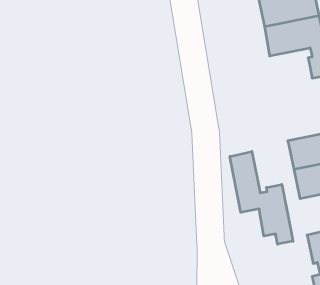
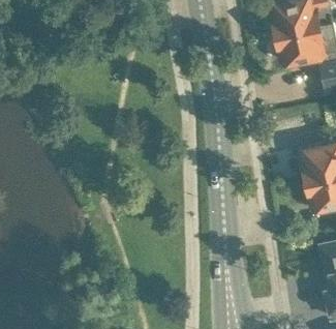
building: [230,151,293,244] -> none

